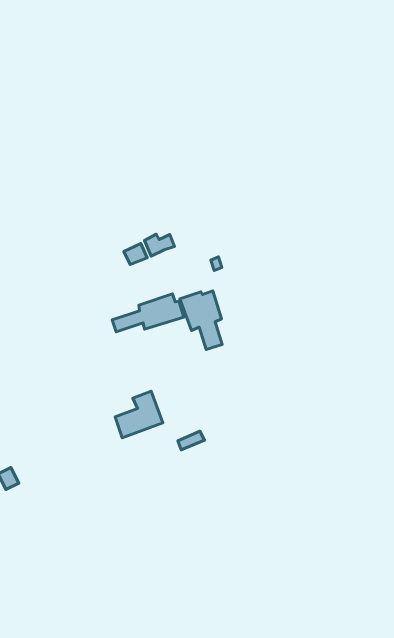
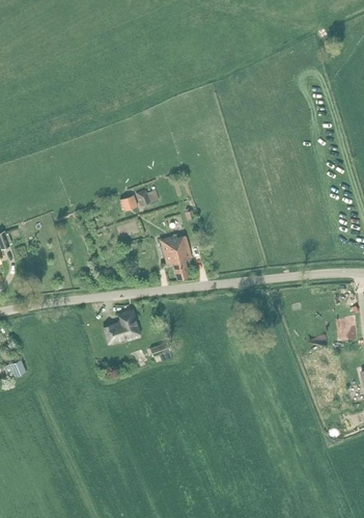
building: [112,294,184,332] -> none

